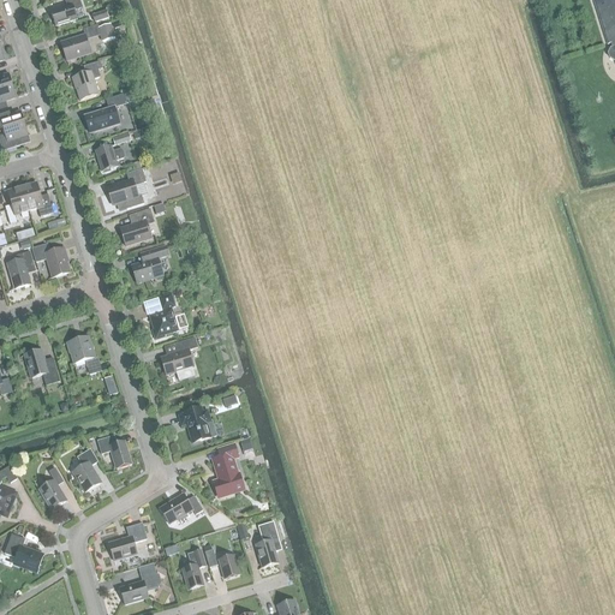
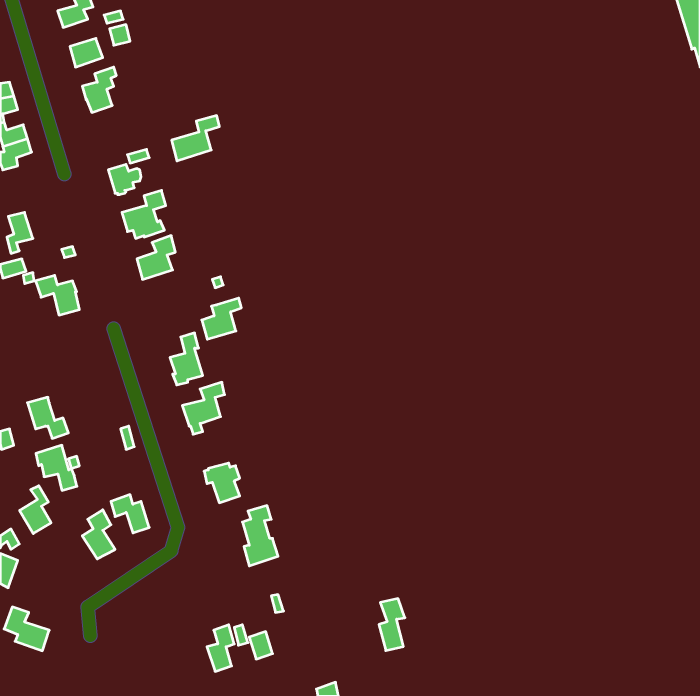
building: [84,92,126,132] -> [172,116,219,161]
building: [22,181,53,215] -> none
building: [132,245,167,281] -> [202,298,241,339]
building: [7,250,34,287] -> none
building: [66,334,102,374] -> [36,445,77,490]
building: [38,466,66,508] -> [20,486,51,534]
building: [160,492,203,523] -> none
building: [256,520,279,566] -> [379,599,405,651]
building: [109,523,147,560] -> none
building: [119,561,157,603] -> none

